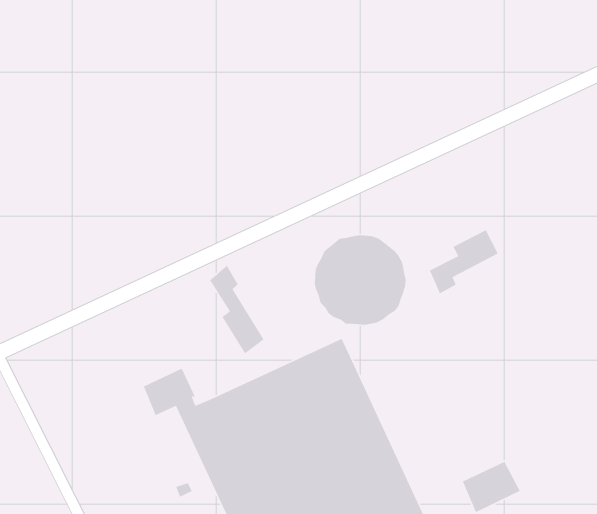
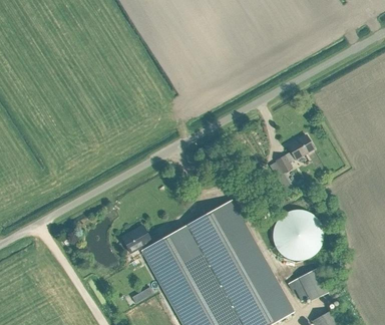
building: [314,234,407,326] -> [271,211,322,261]
building: [209,264,264,354] -> none

